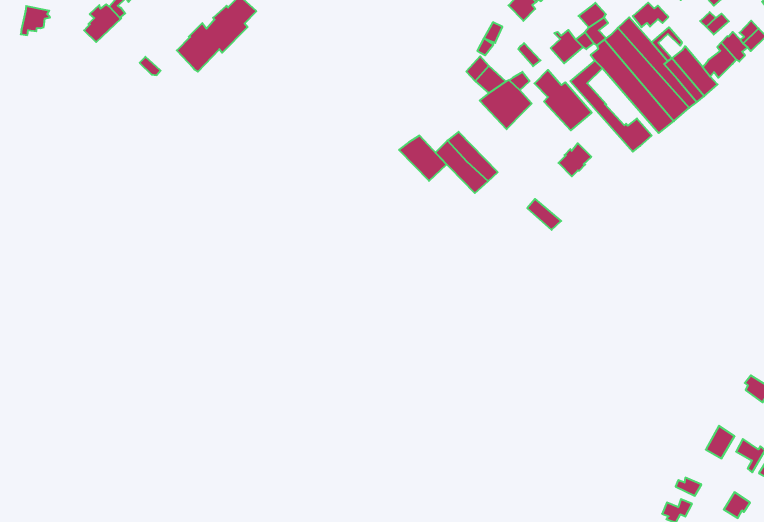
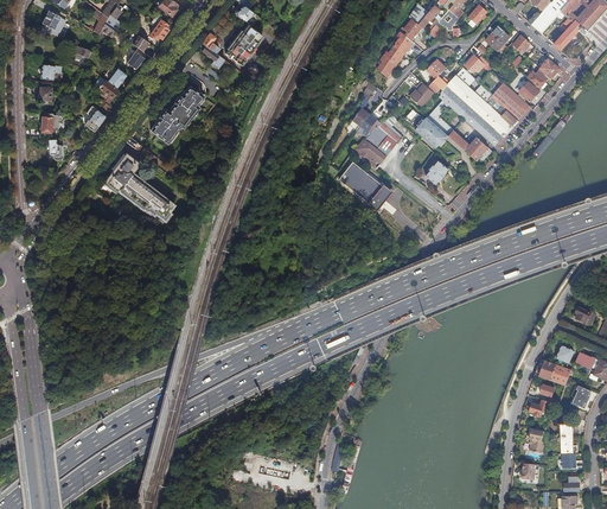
building: none -> [103,154,174,217]
building: [399,136,446,181] -> [353,139,388,170]
building: none -> [535,358,573,386]

